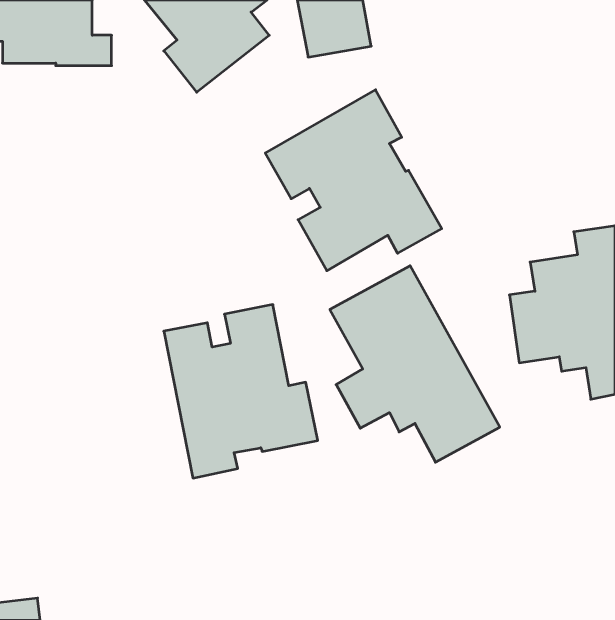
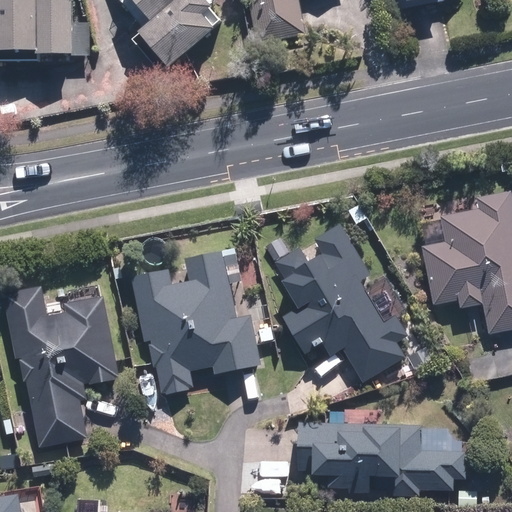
building: [265,90,442,271] -> none
building: none -> [6,289,118,446]
building: none -> [300,419,470,494]

